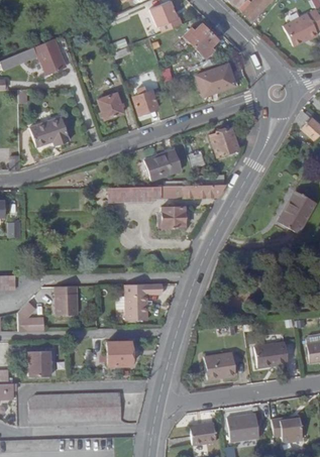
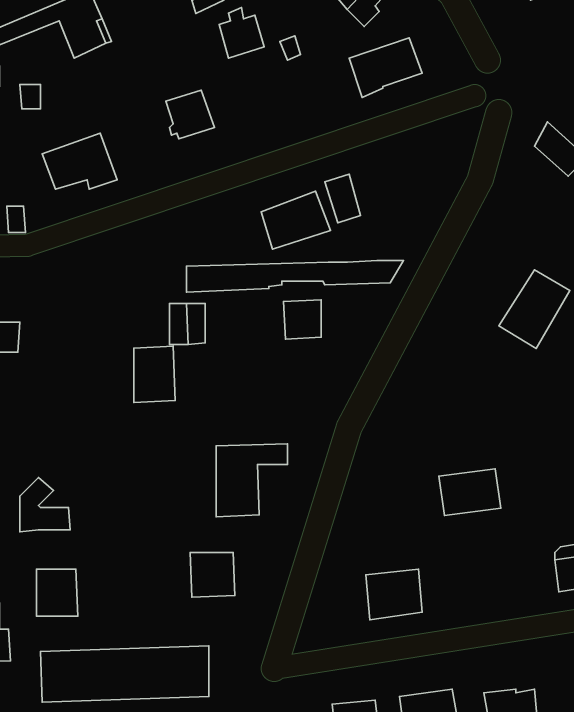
building: [133,87,157,114] -> [219,8,264,58]
building: [210,127,238,155] -> none
building: [56,285,78,316] -> [134,346,175,402]
building: [254,342,288,367] -> [439,469,501,516]

